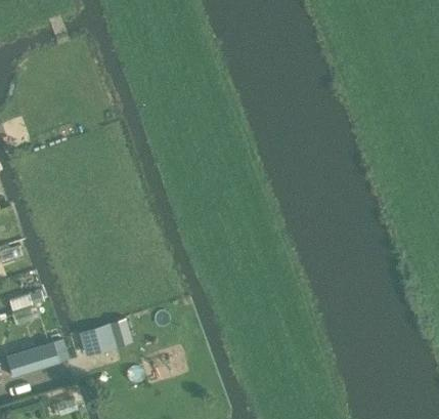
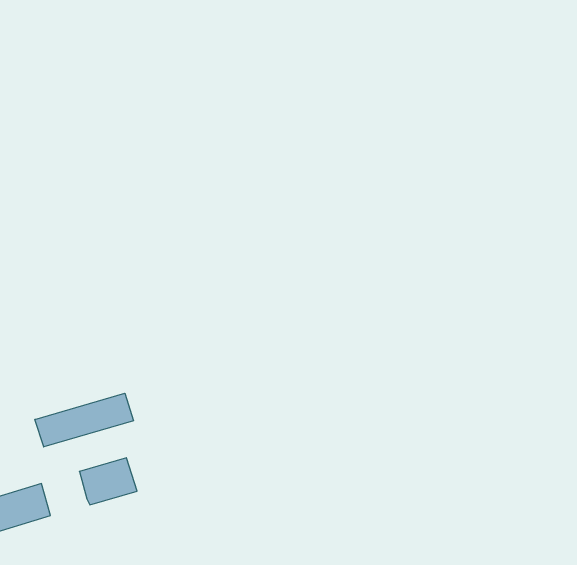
building: none -> [35,393,133,447]

